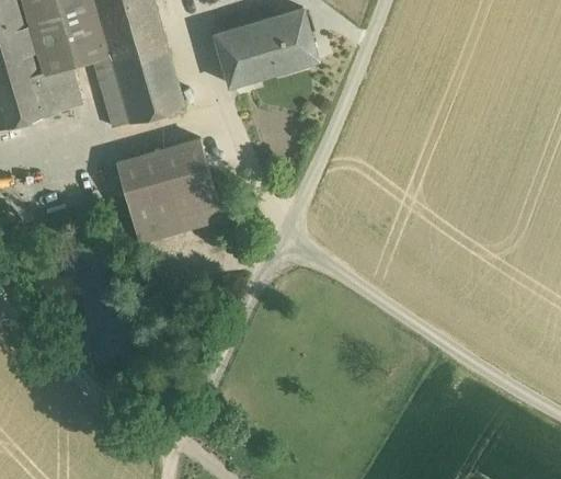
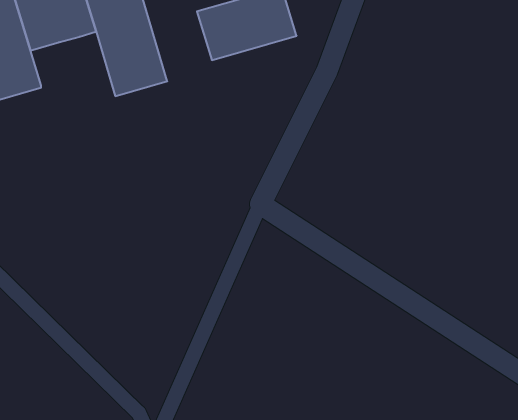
building: [93,55,130,127] -> none
building: [43,66,82,111] -> none
building: [116,138,224,242] -> none

